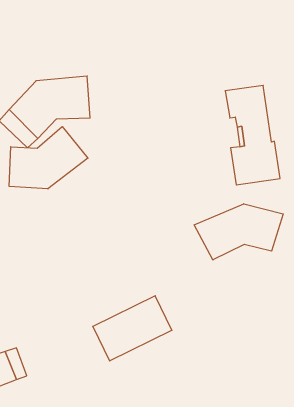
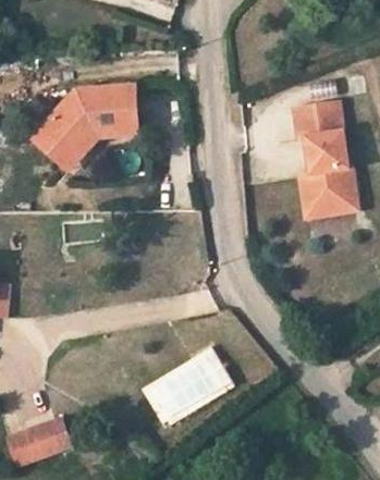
building: [9,127,88,189] -> none
building: [194,204,283,260] -> none

